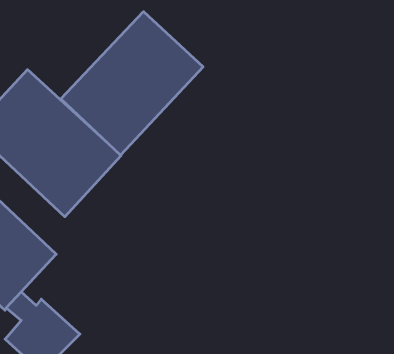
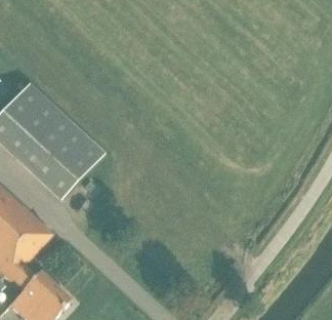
building: [61,12,203,155] -> none

